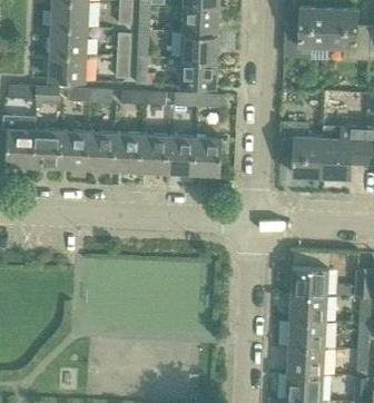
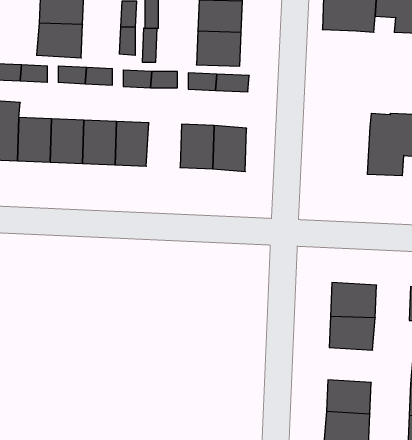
building: [278,122,323,177] -> none
building: [139,135,168,171] -> none
building: [288,320,325,348] -> none

